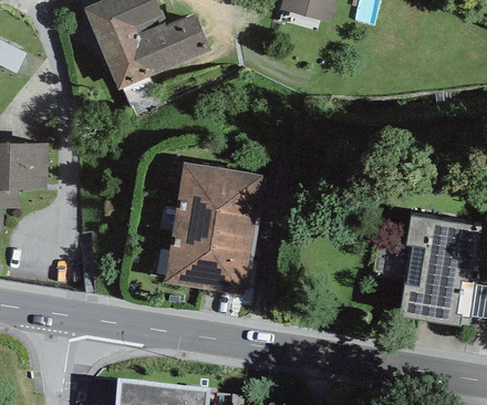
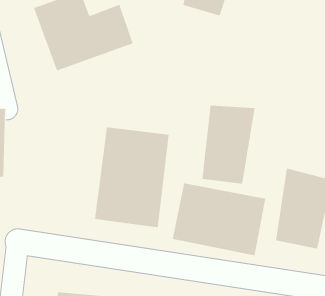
building: none -> [202,105,255,184]
building: none -> [172,183,266,256]

